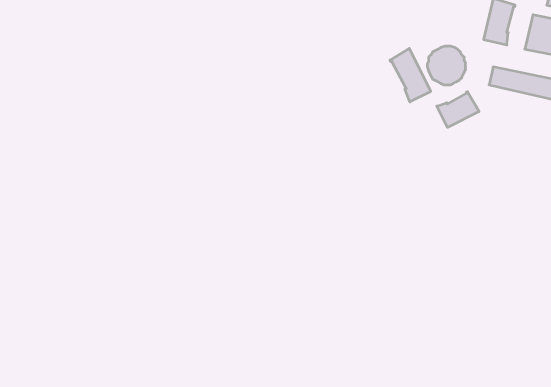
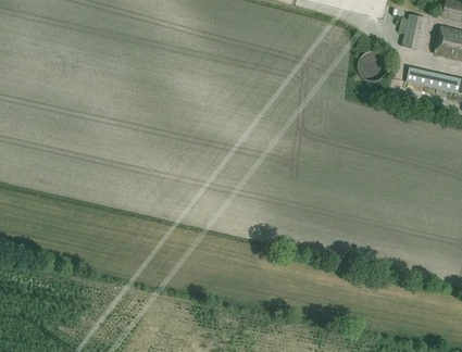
building: [390,48,431,102] -> none
building: [437,92,479,127] -> none

